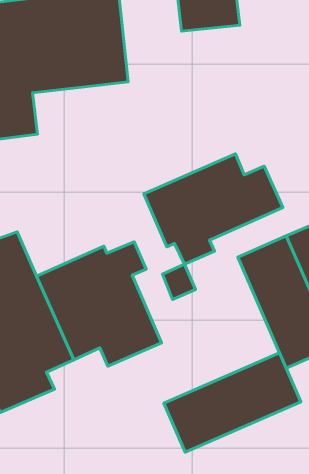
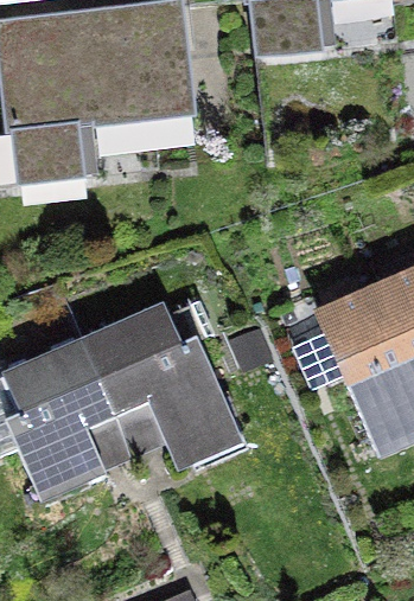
building: [144,154,283,264] -> none
building: [164,353,301,452] -> none

